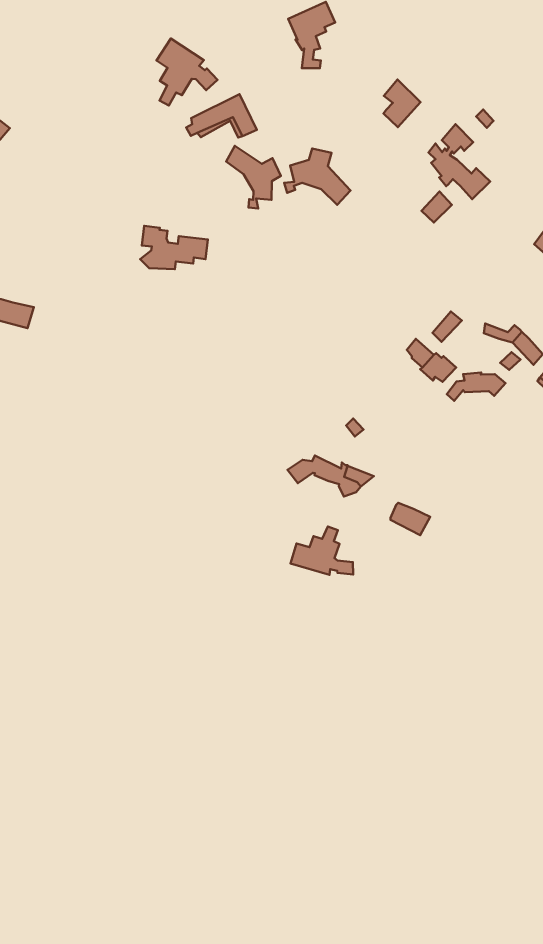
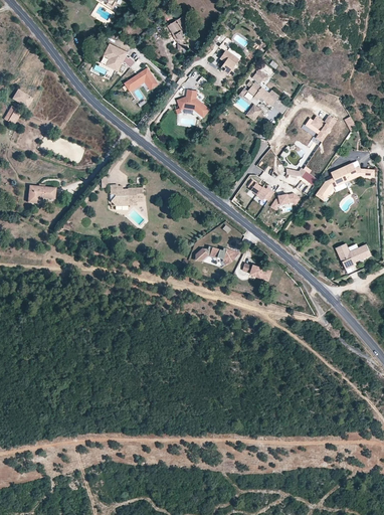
building: [226,146,281,208] -> none
building: [140,226,208,269] -> [110,184,143,205]
building: [291,527,353,575] -> none

